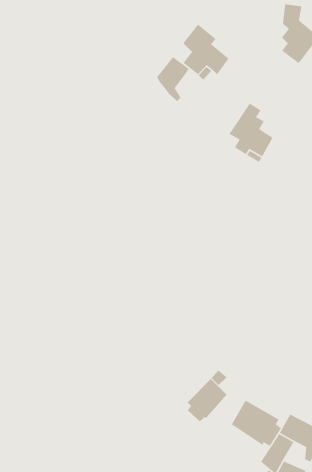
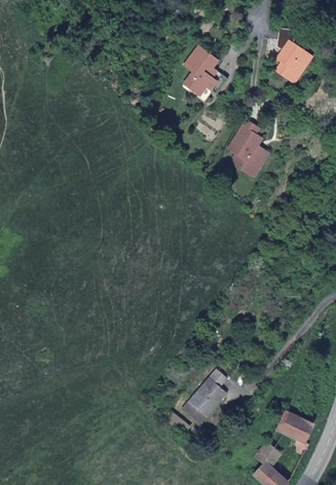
building: [156,56,190,102] -> none
building: [231,399,282,447] -> none

